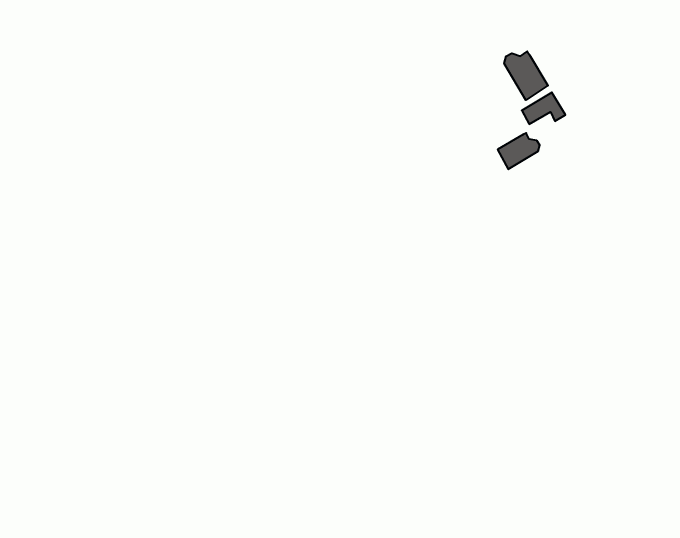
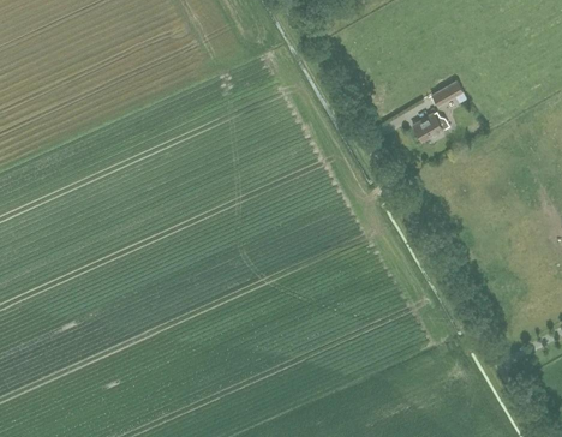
building: [504,51,548,100] -> none

